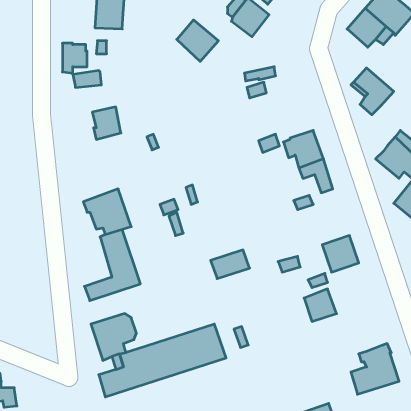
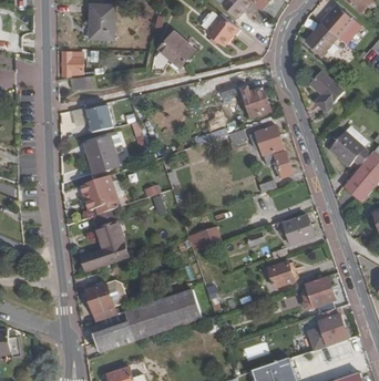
building: none -> [239,86,270,117]
building: none -> [84,134,126,174]
building: none -> [301,277,335,313]

